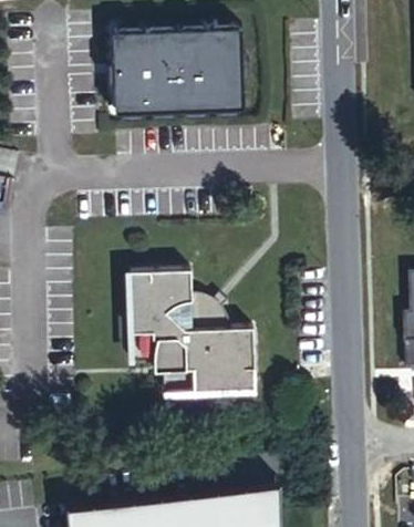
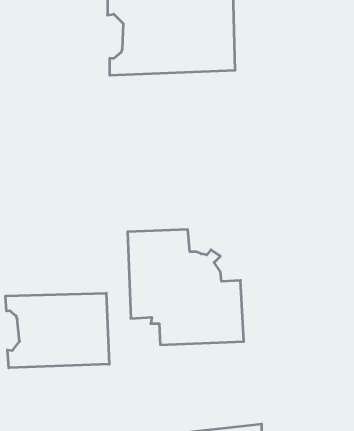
building: none -> [6,293,109,368]

